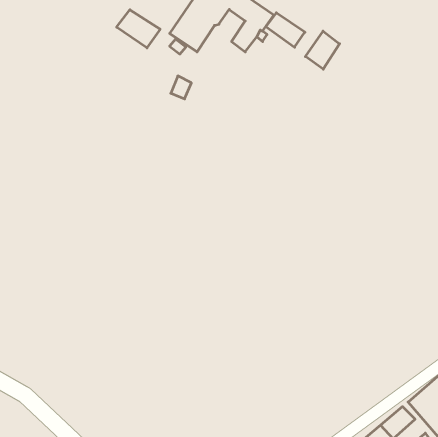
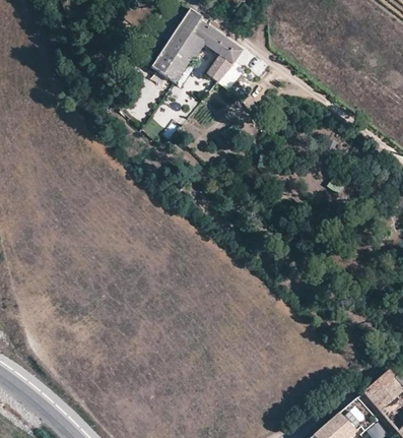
building: [117,10,160,48] -> none
building: [305,31,340,69] -> none

